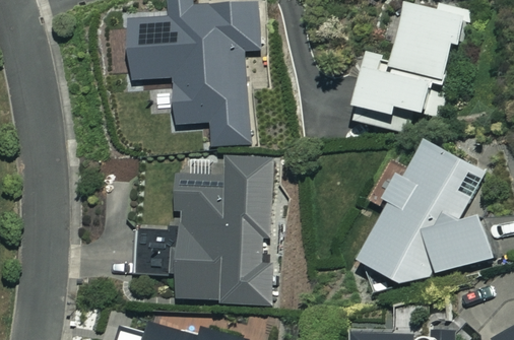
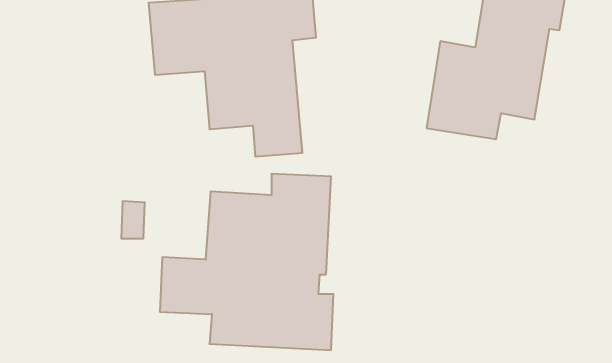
building: [357,138,492,282] -> none

